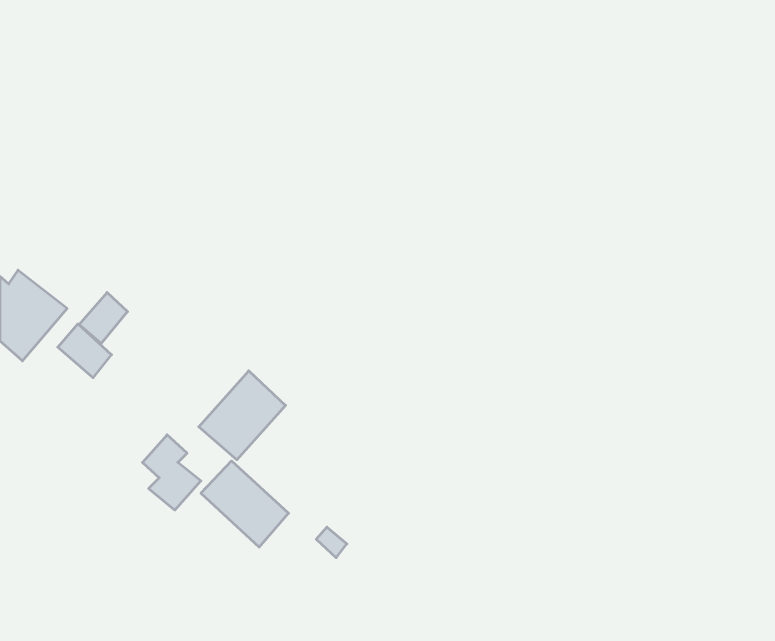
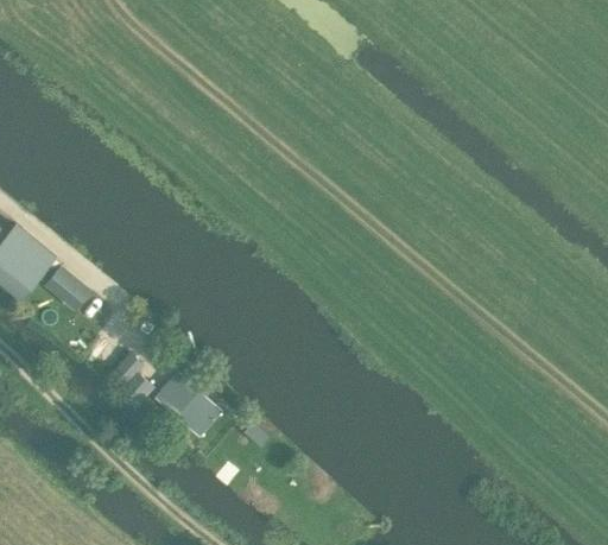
building: [79,292,128,344] -> none
building: [199,371,286,460] -> none

